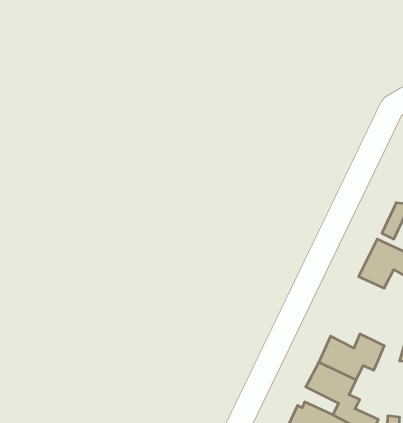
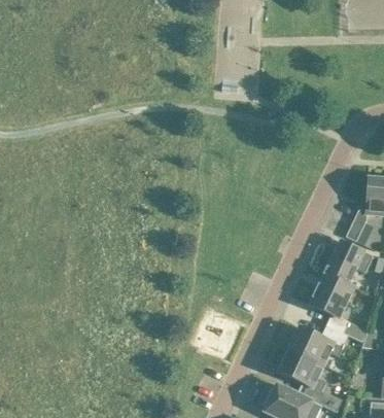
building: none -> [310,274,353,333]

